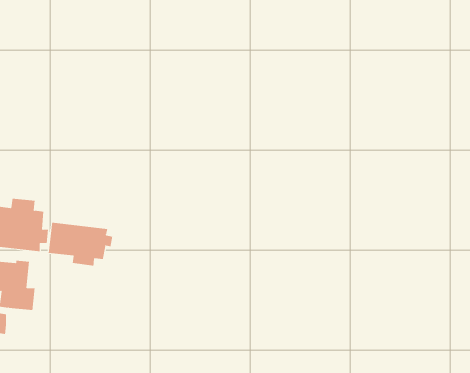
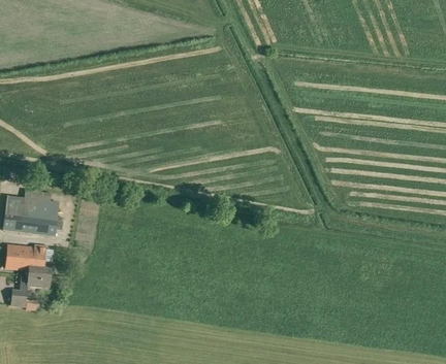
building: [48,222,113,266] -> none

